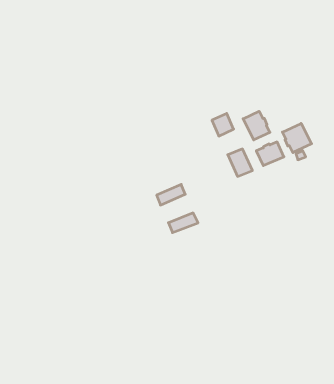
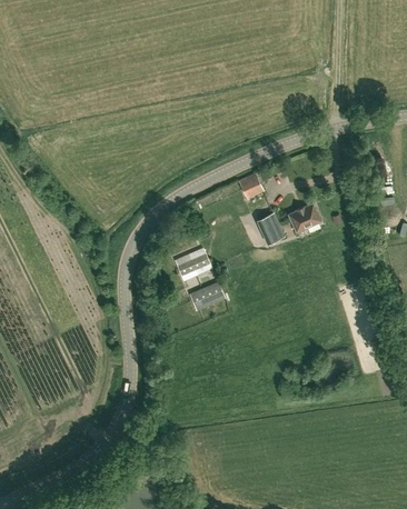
building: [243,111,270,140] -> none
building: [282,123,312,153] -> none

